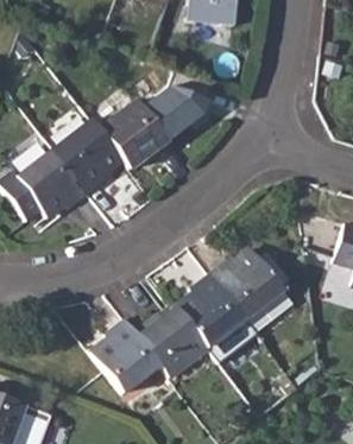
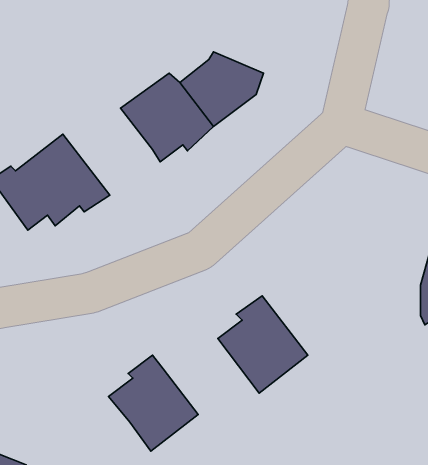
building: [53,119,124,195] -> none
building: [209,249,294,335] -> none
building: [132,306,207,378] -> none

